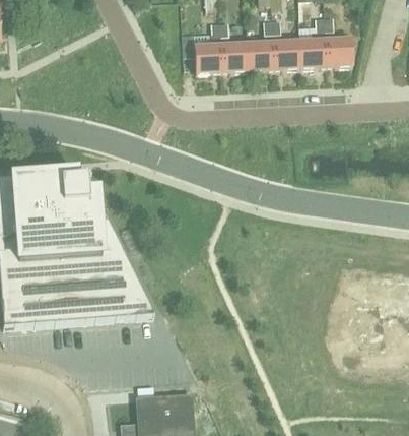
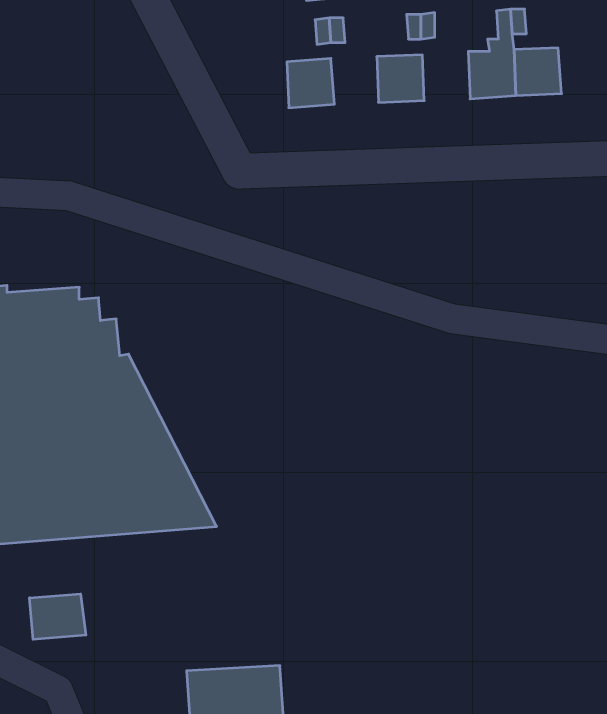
building: [274,40,301,68] -> none
building: [221,43,249,70] -> none
building: none -> [30,594,86,639]

